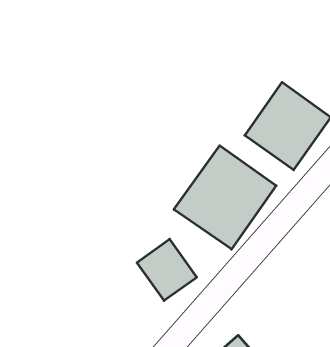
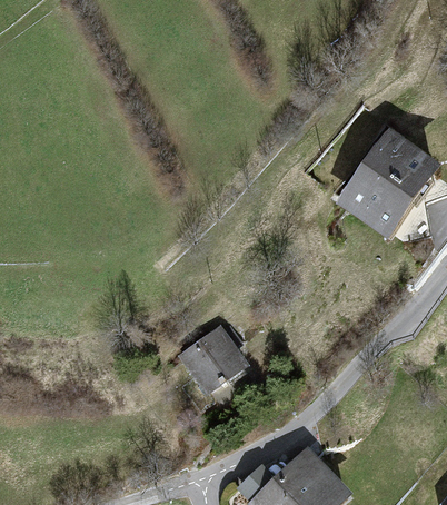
building: [174,146,276,249] -> none

